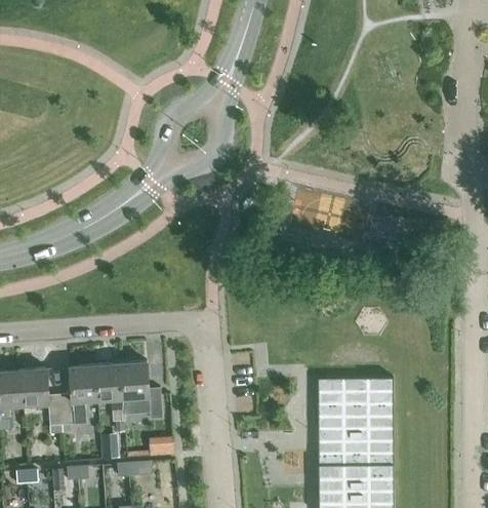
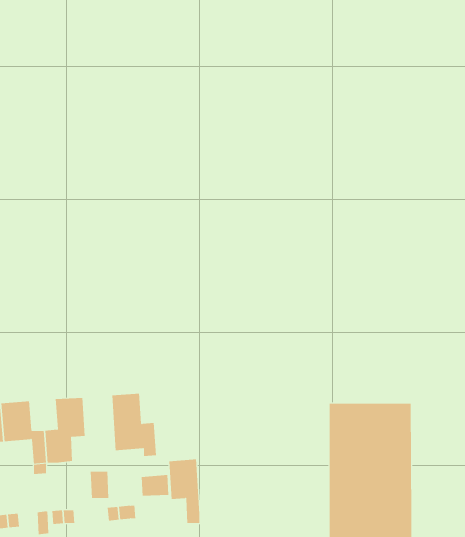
building: [95,364,124,423] -> [169,459,200,523]

